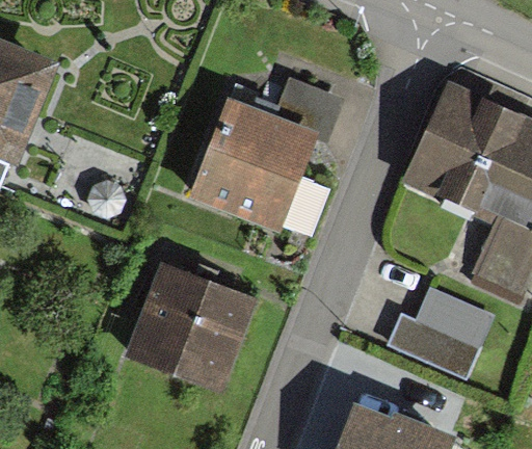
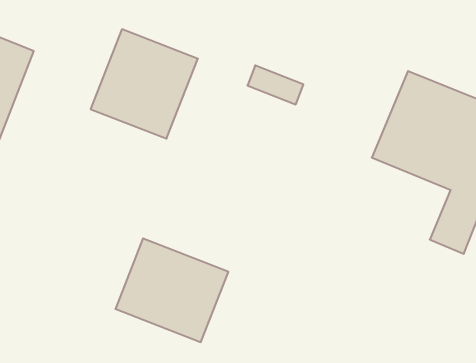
building: [191,104,309,223] -> [91,29,198,139]
building: [404,291,485,374] -> none

